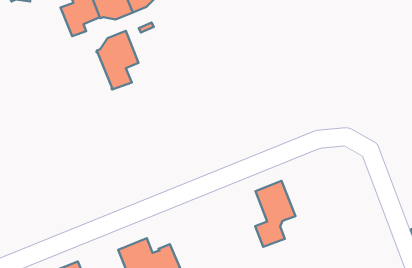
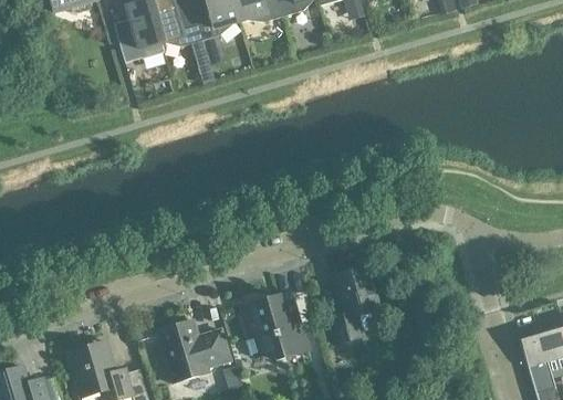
building: [97,31,139,89] -> none
building: none -> [241,293,310,358]

